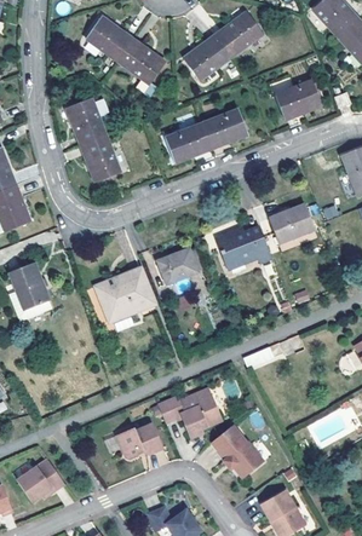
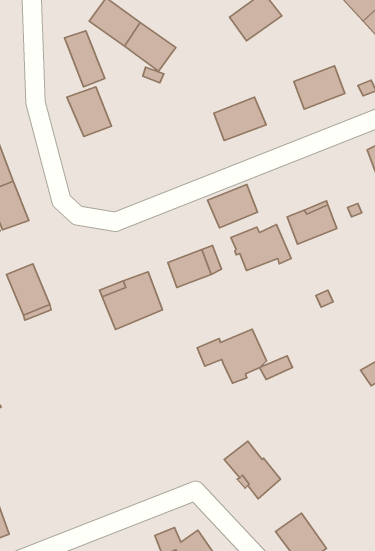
building: [184,34,231,80] -> none
building: none -> [65,31,105,87]
building: [165,122,211,162] -> [208,185,257,228]
building: [81,134,121,181] -> none
building: [157,387,222,437] -> [197,329,267,383]
building: [116,422,162,459] -> none
building: [17,459,65,502] -> none

